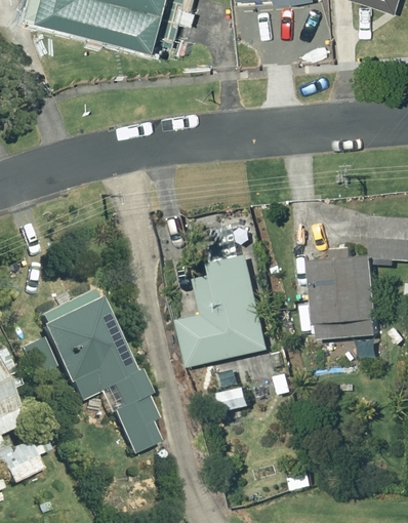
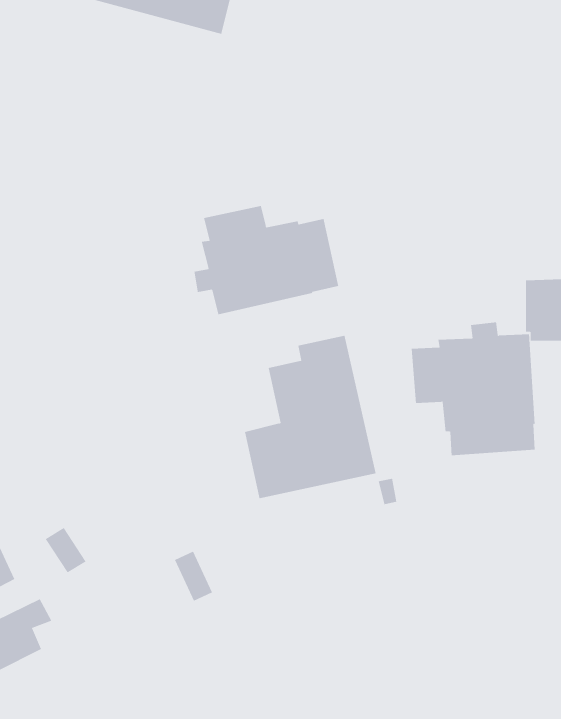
building: none -> [194,205,339,315]
building: [38,286,131,399] -> none

